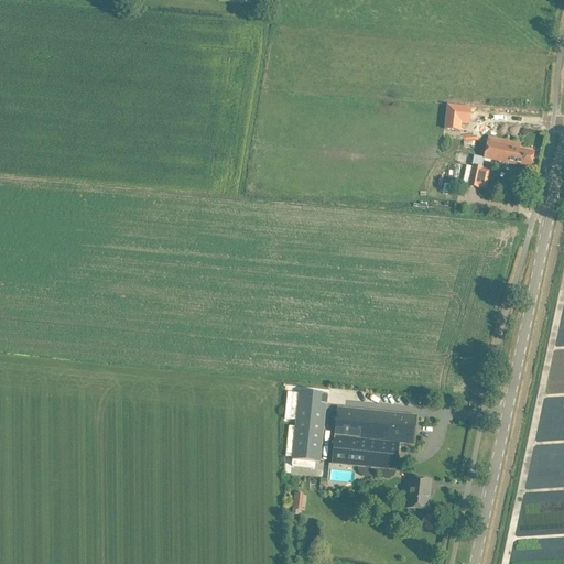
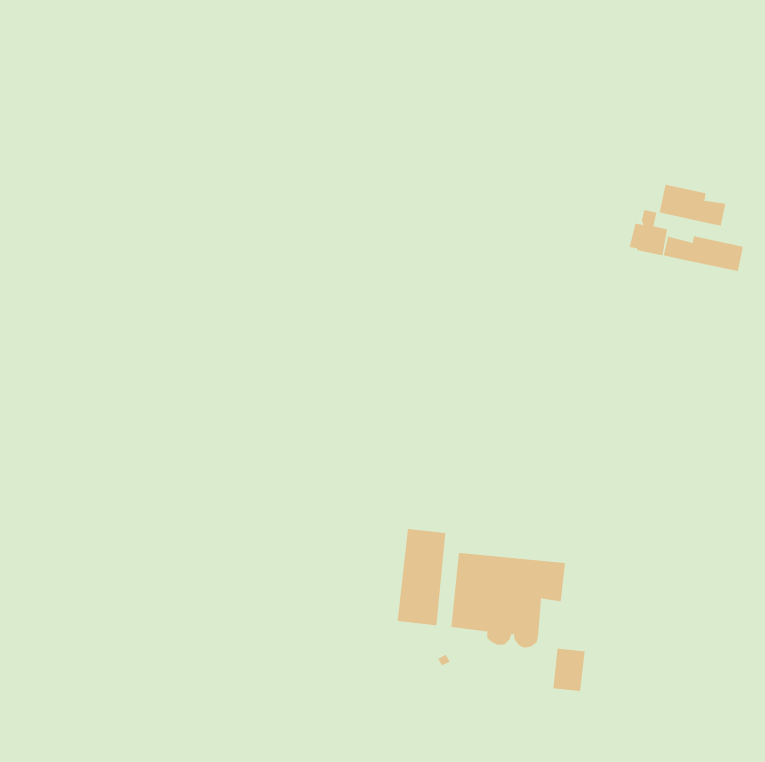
building: [445,105,470,130] -> none
building: none -> [663,236,744,272]

